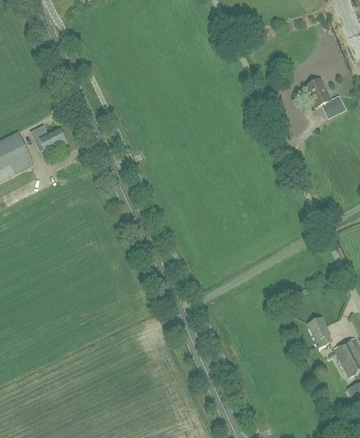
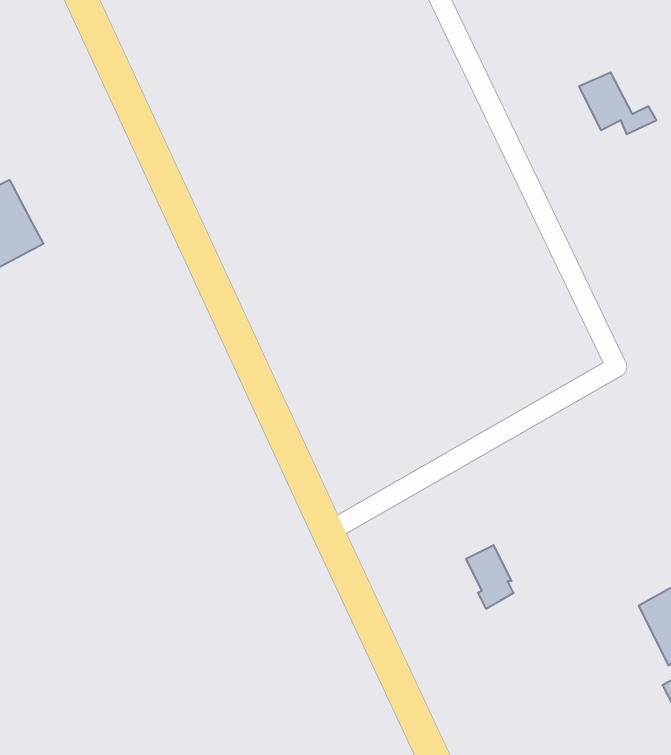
building: [31,125,66,151] -> none
building: [307,316,331,348] -> [466,545,514,609]

